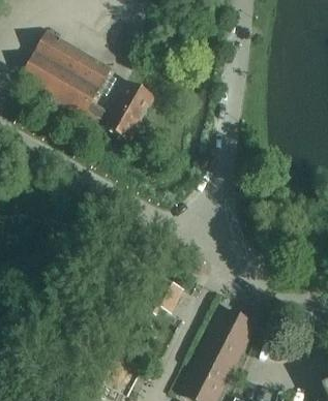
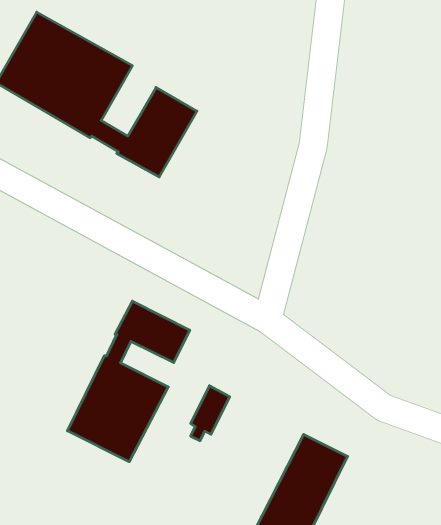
building: none -> [67,301,190,462]

